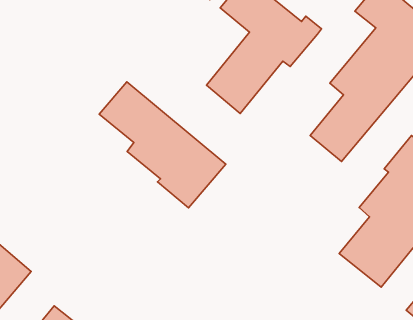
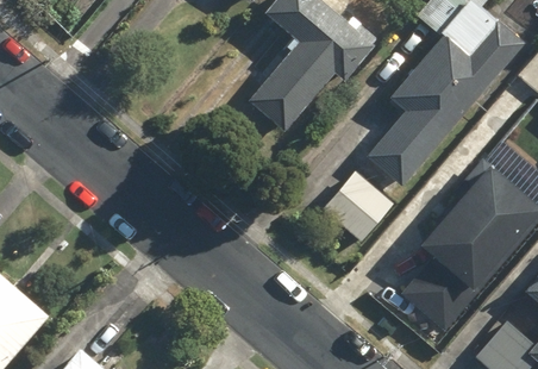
building: [99,82,226,208] -> none
building: none -> [321,168,395,240]

